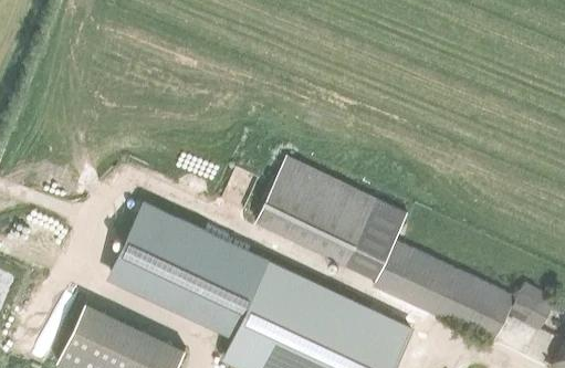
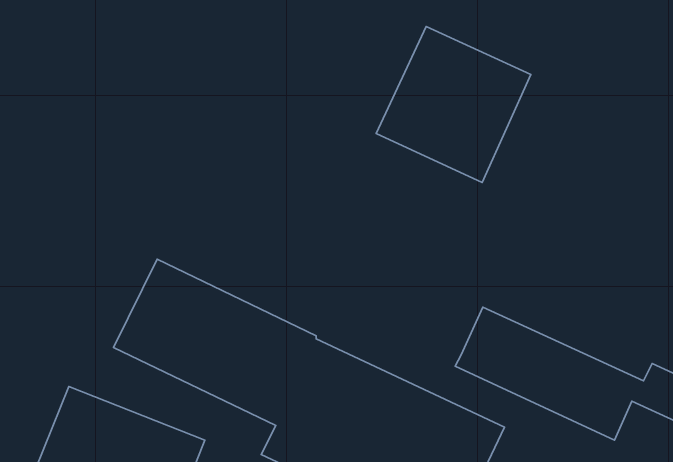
building: none -> [376,27,531,183]
building: [255,158,408,278] -> none

